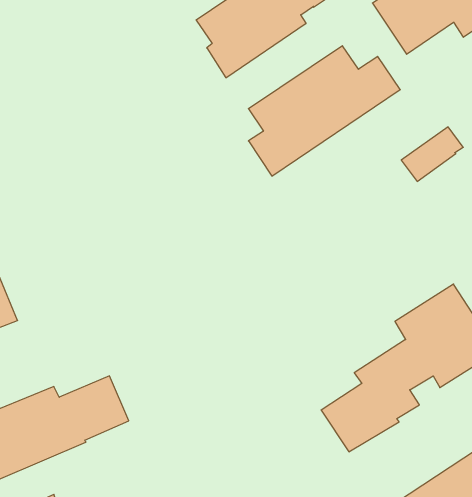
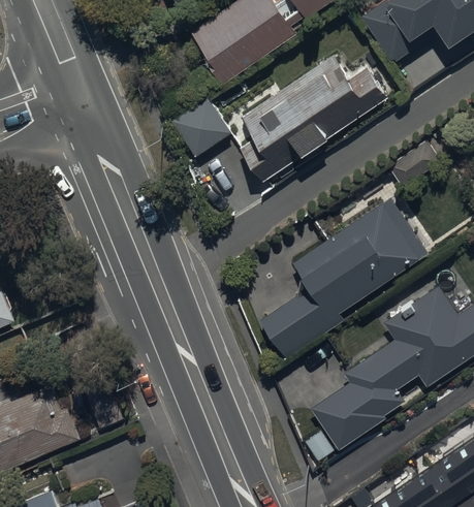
building: none -> [170,97,230,157]
building: none -> [259,198,429,358]

